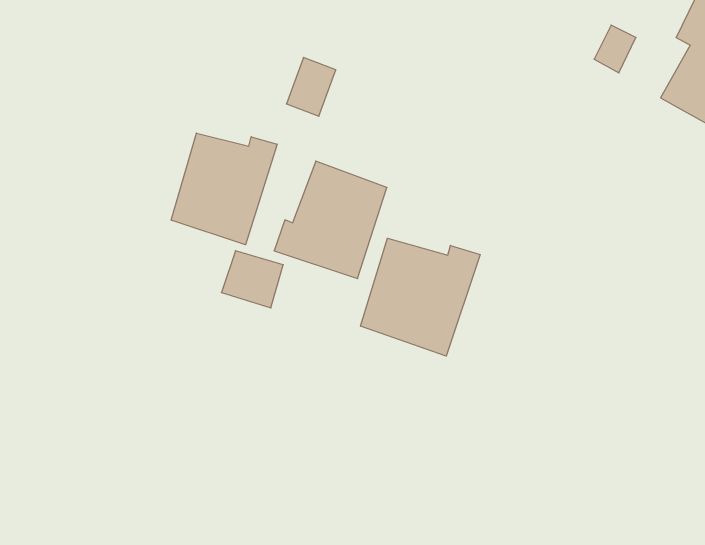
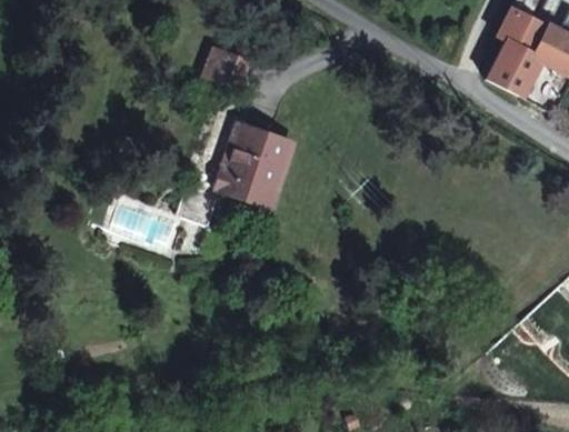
building: [171,133,277,245] -> none
building: [361,238,480,356] -> none

